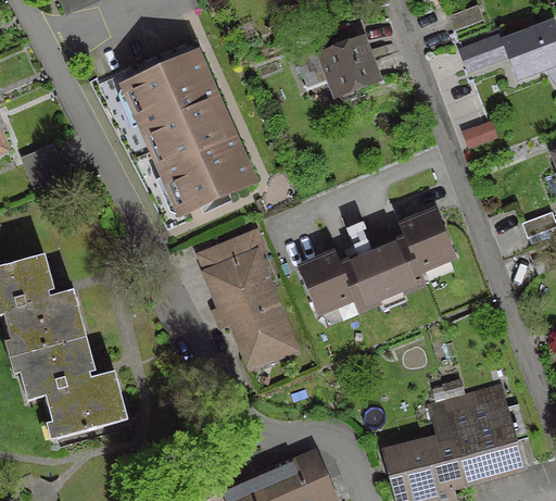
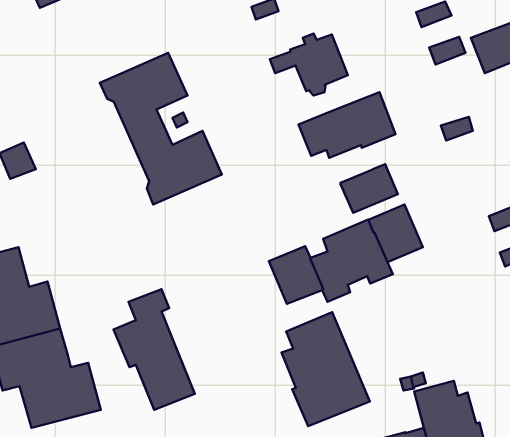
building: none -> [299,92,395,158]
building: none -> [340,164,398,213]
building: [206,231,289,354] -> [113,289,195,410]
building: none -> [281,312,370,426]

